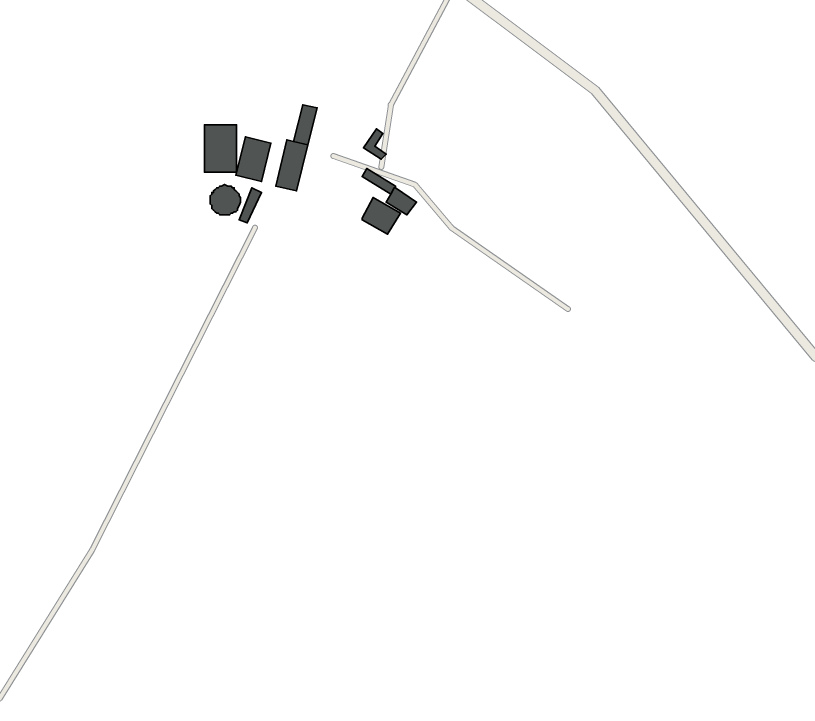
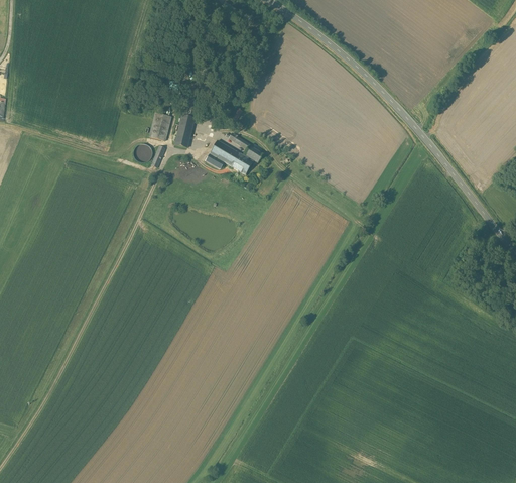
building: [204,125,237,172] -> none
building: none -> [206,140,236,169]

